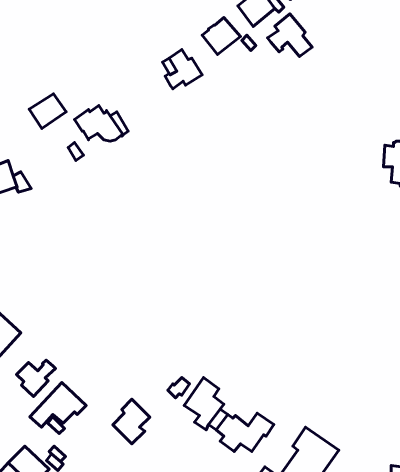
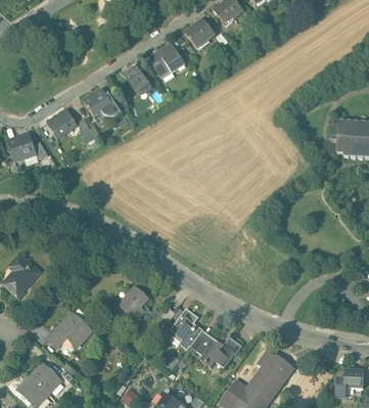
building: [267,14,312,56] -> none
building: none -> [124,65,151,96]
building: [29,94,66,128] -> [47,110,77,138]
building: [16,360,55,396] -> none
building: [113,399,150,444] -> [120,284,149,320]

